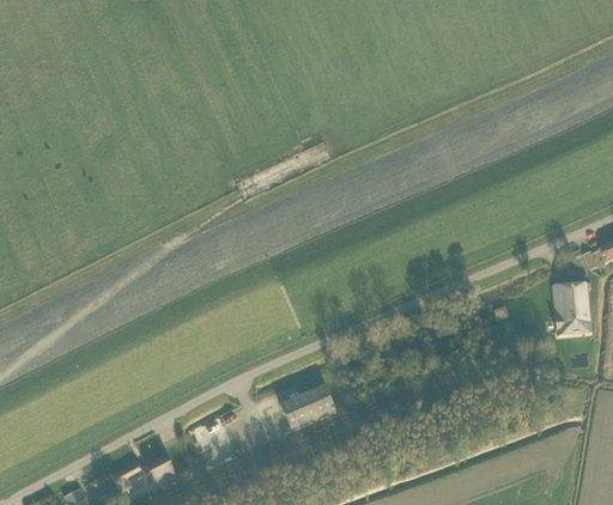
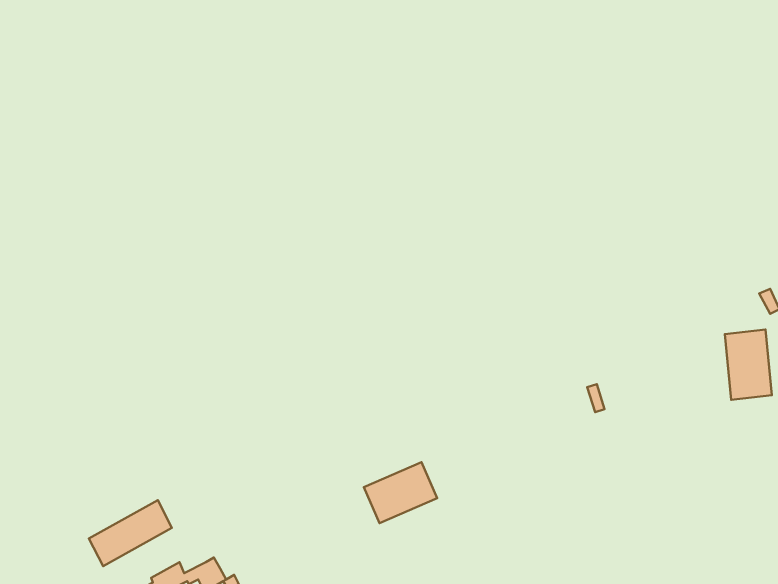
building: none -> [89,500,172,566]

